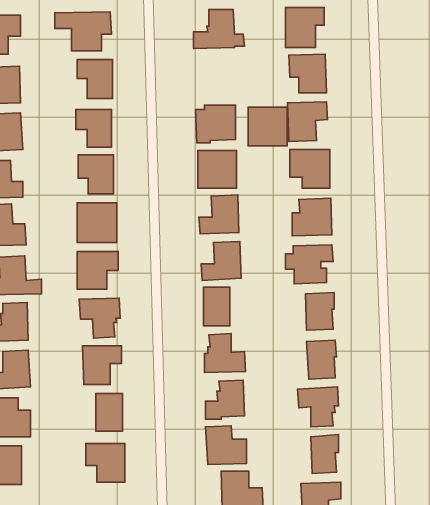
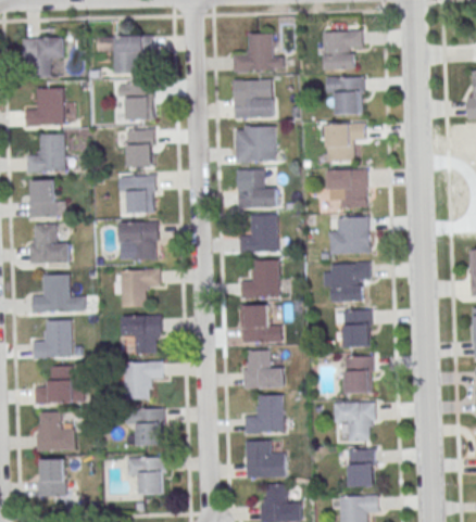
building: [248,107,287,146] -> [235,79,273,117]

